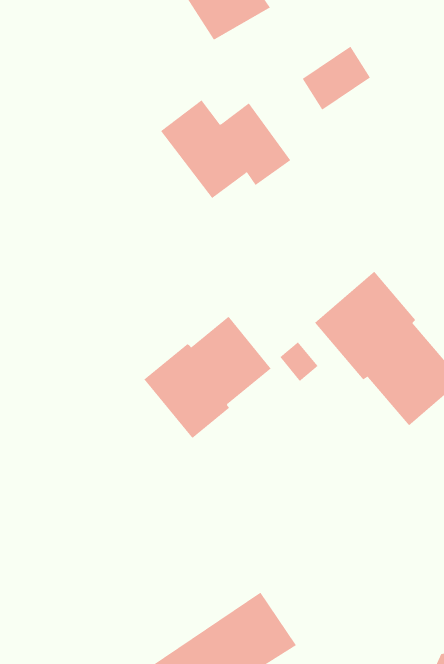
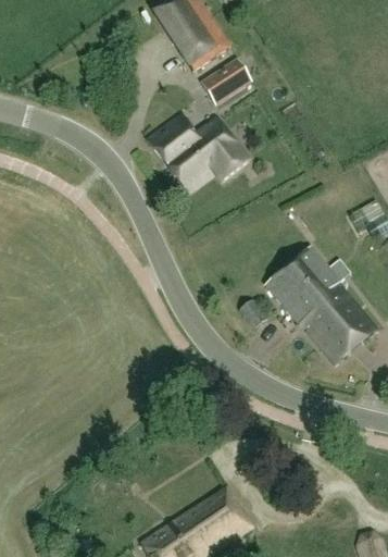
building: [302,46,371,111] -> [200,58,252,107]
building: [144,316,271,439] -> none

